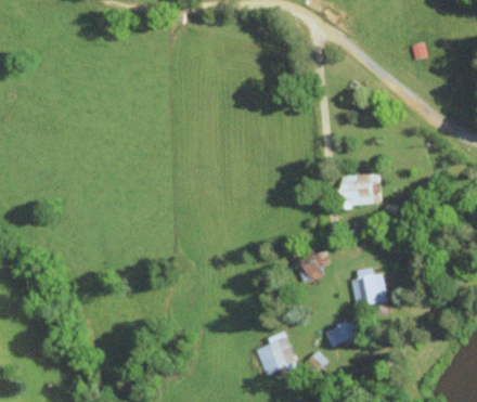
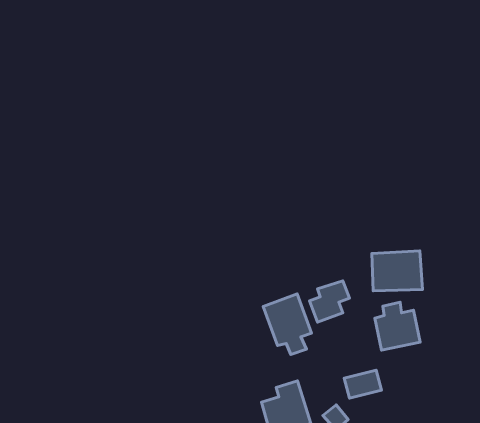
building: [339,173,381,206] -> [372,251,423,291]
building: none -> [263,294,312,354]

